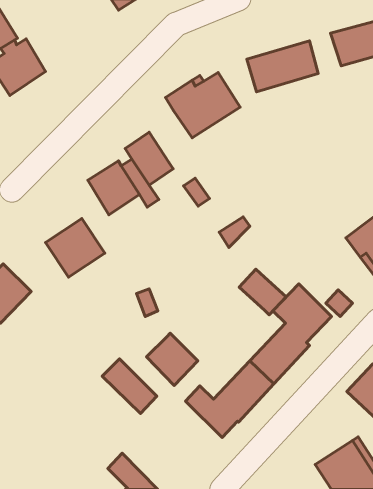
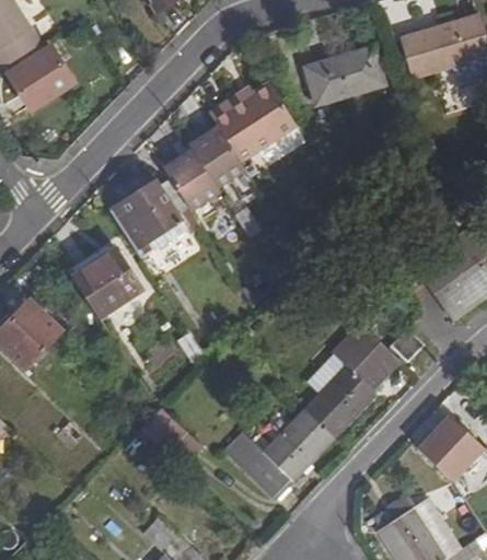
building: none -> [187,126,245,186]
building: [239,269,286,315] -> none
building: [146,333,198,386] -> none

